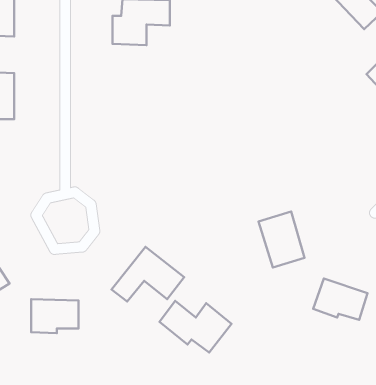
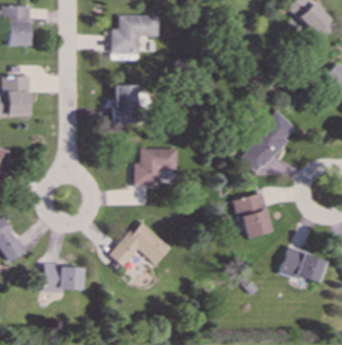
building: none -> [115,85,138,123]
building: none -> [237,112,297,173]
building: none -> [136,149,178,186]
building: [159,301,232,352] -> none

